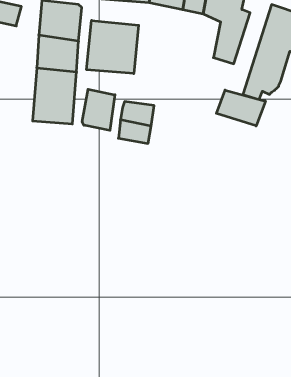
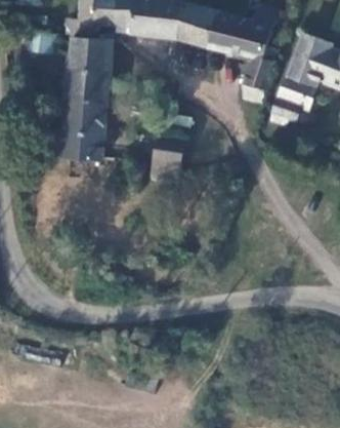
building: [87,20,139,74] -> none
building: [82,89,115,130] -> none
building: [216,90,265,126] -> none

